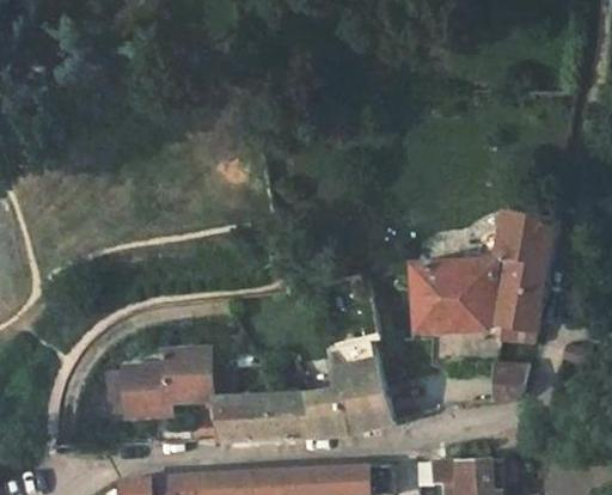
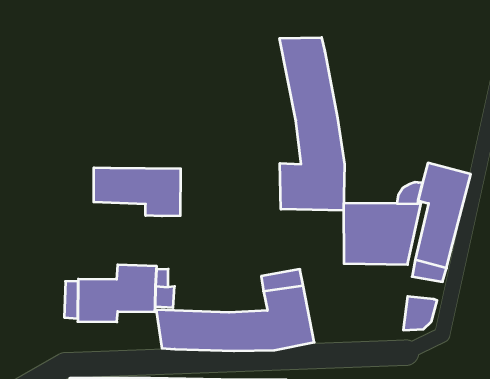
building: none -> [280,37,345,211]
building: none -> [94,168,181,216]

